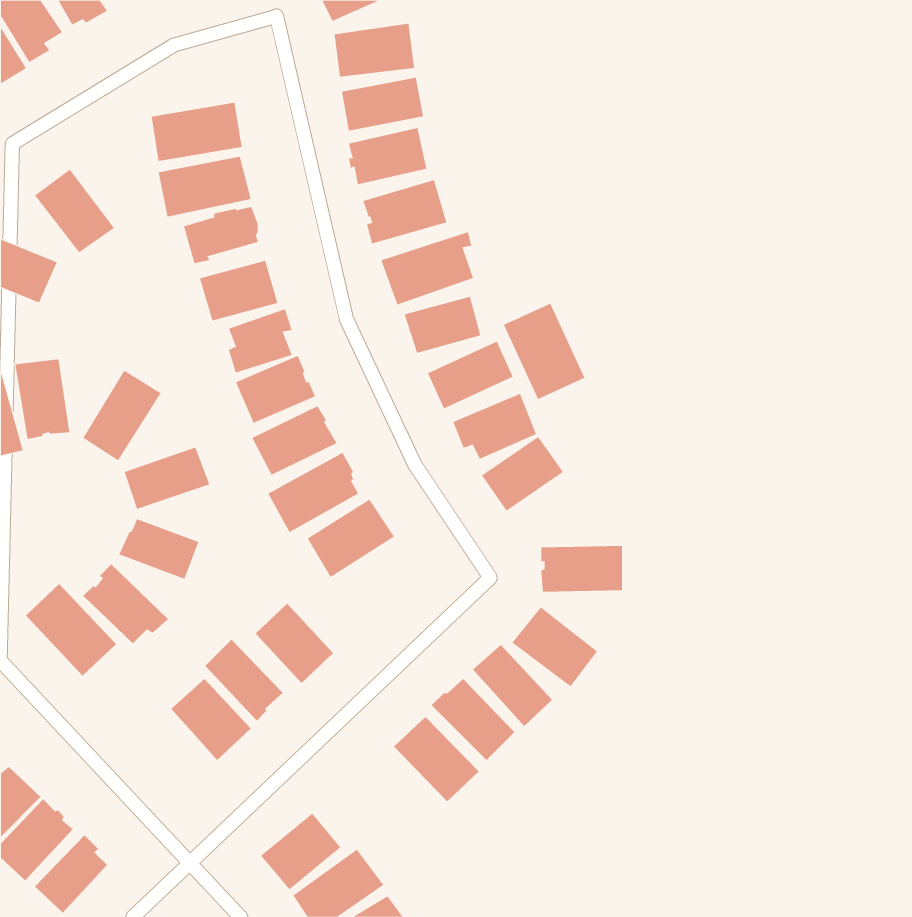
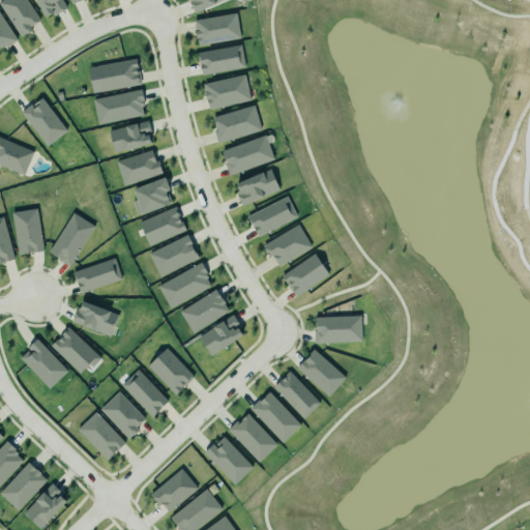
building: [503,303,585,400] -> none
building: none -> [200,316,246,356]
building: none -> [77,410,125,459]
building: none -> [206,436,255,485]

